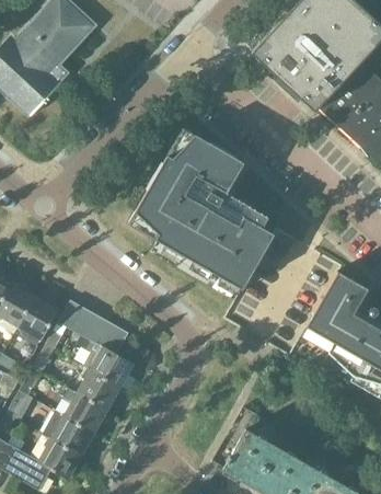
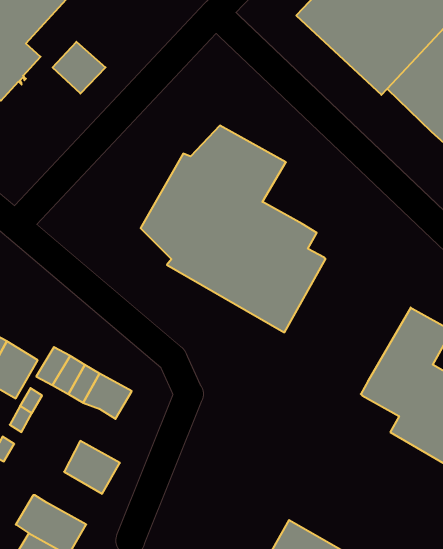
building: none -> [53,42,106,94]
building: [90,346,134,387] -> none
building: [56,388,106,433] -> none

